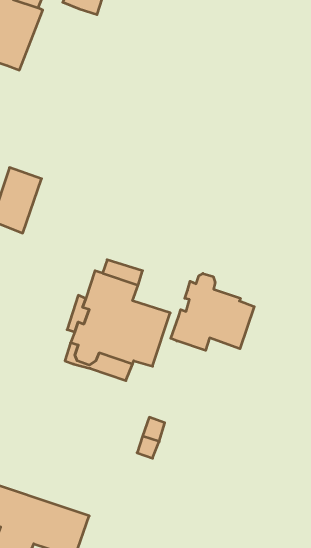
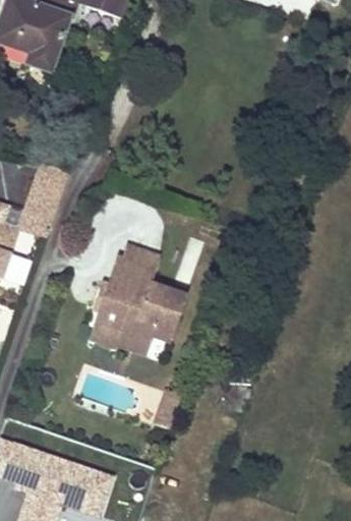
building: [171,273,254,350] -> none

